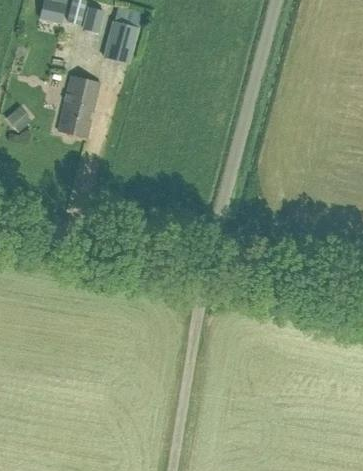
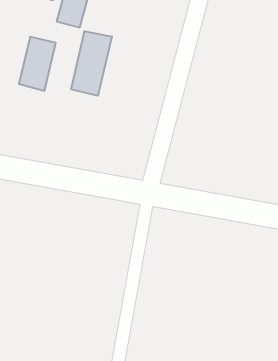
building: none -> [71,31,112,96]

